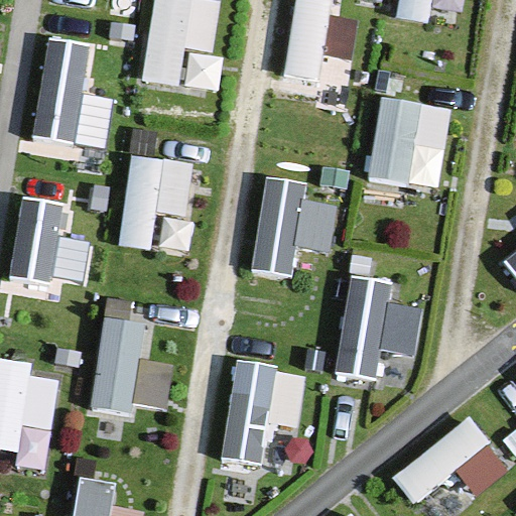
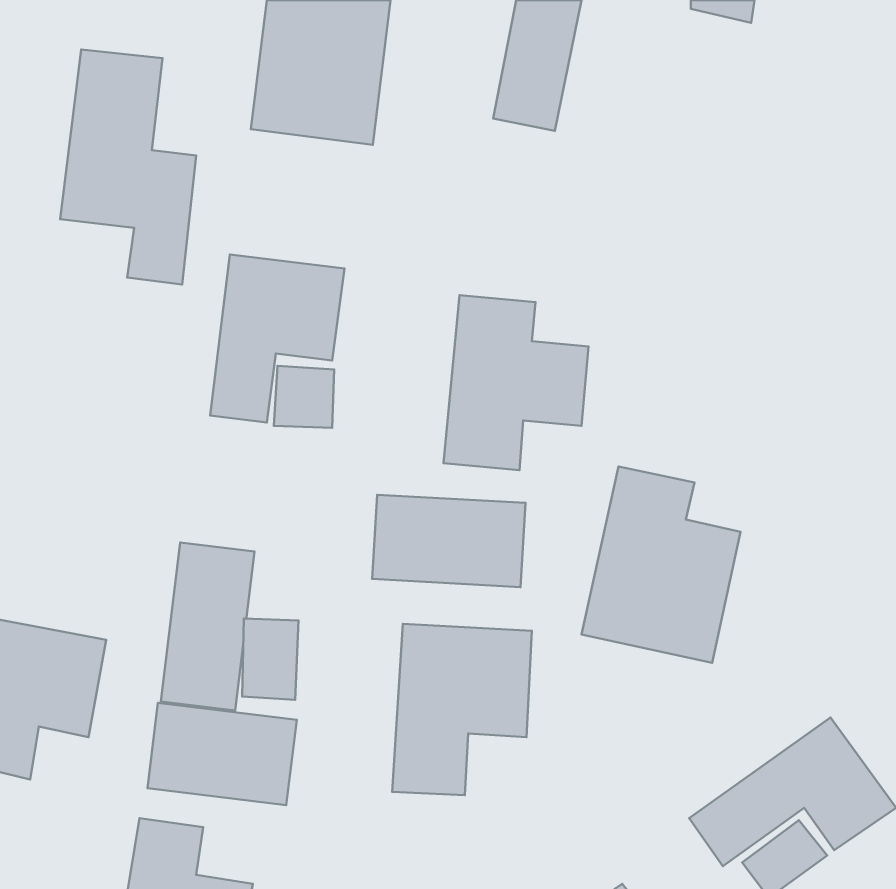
building: [369,97,450,185] -> none
building: [12,196,88,283] -> none
building: none -> [372,495,525,587]
building: none -> [147,703,297,805]

